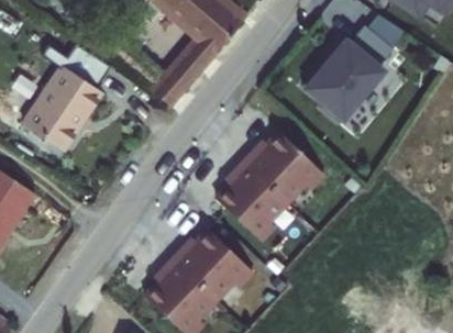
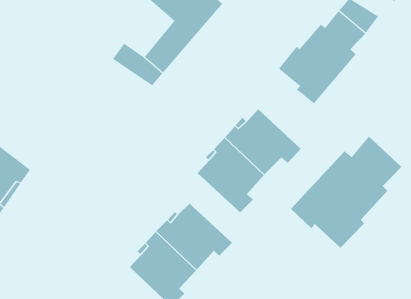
building: [26,59,103,146] -> none
building: none -> [290,136,402,249]

